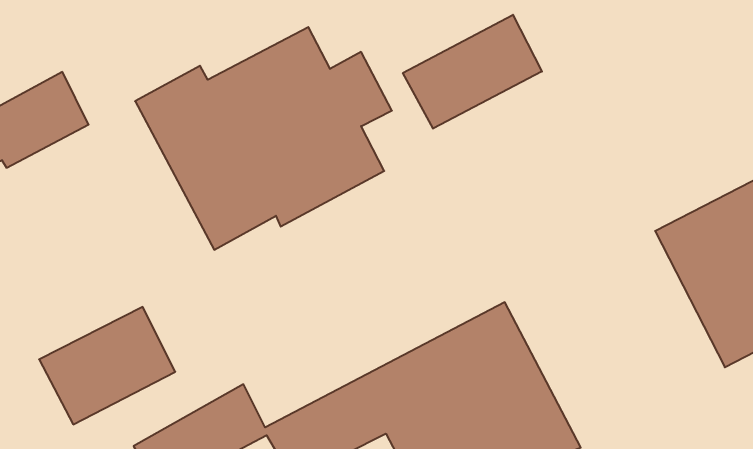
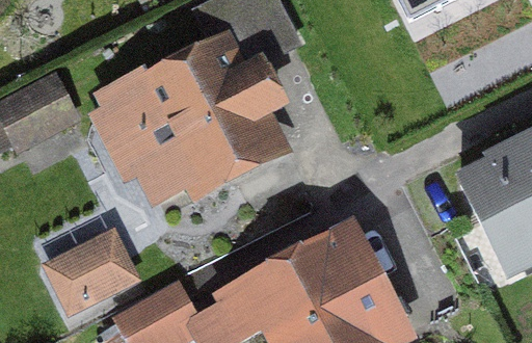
building: [403,15,542,129] -> none

